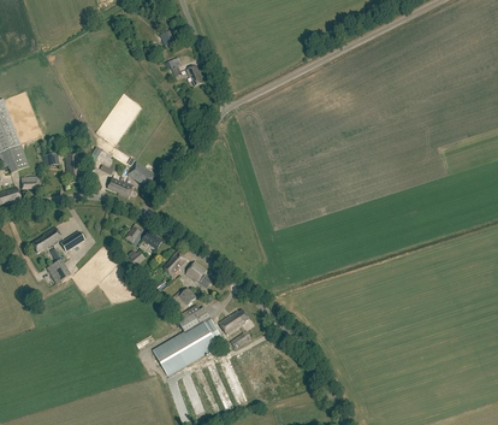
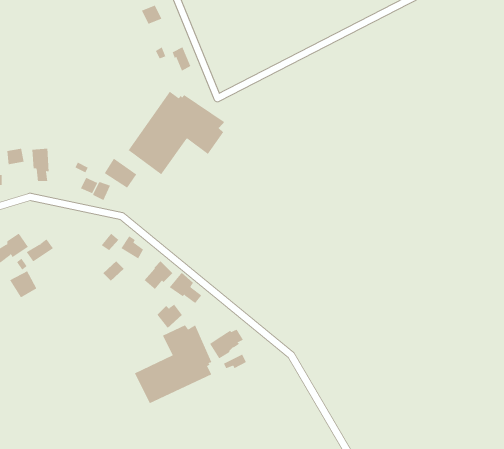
building: none -> [128,91,225,175]

